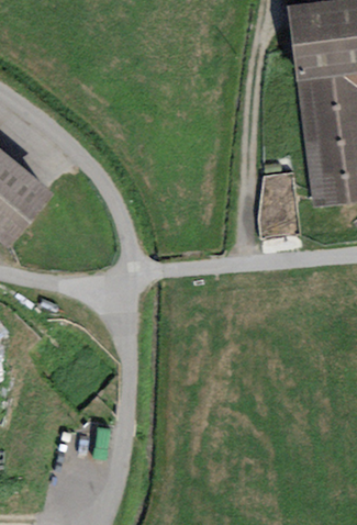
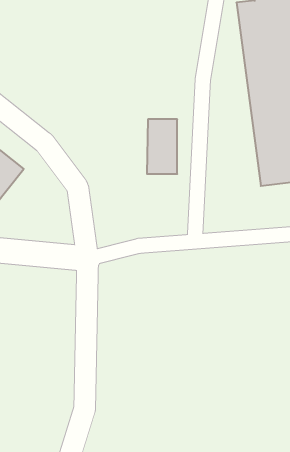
building: [265,176,298,235] -> [147,119,177,174]

